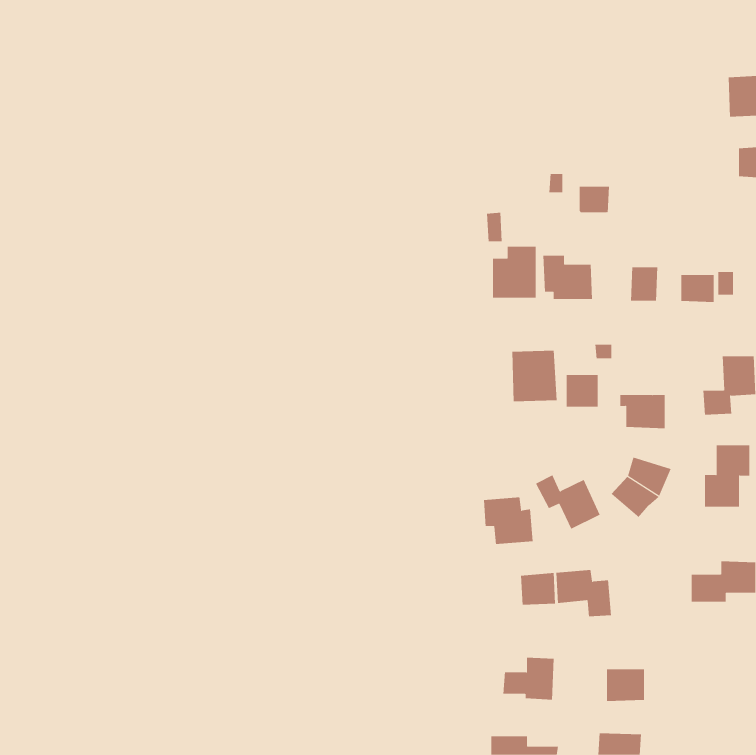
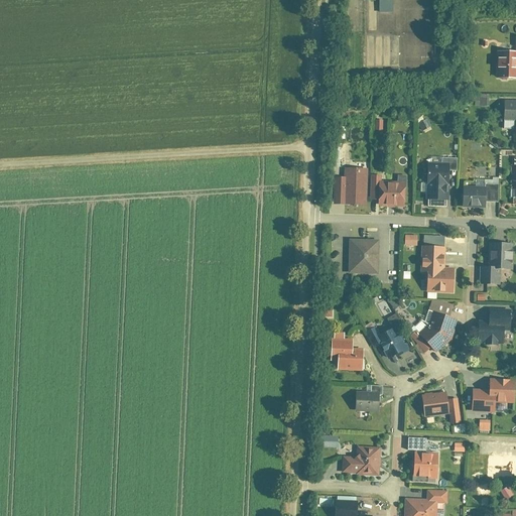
building: [579,186,610,213] -> [429,163,450,181]
building: [566,375,598,407] -> [422,246,444,268]
building: [556,569,612,617] -> [423,391,462,423]

